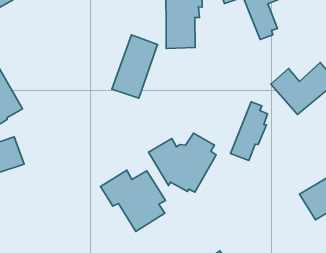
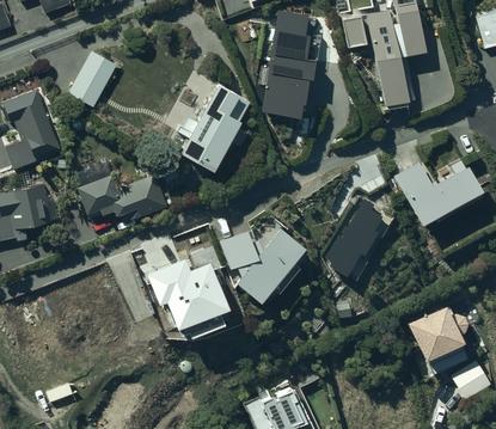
building: none -> [71,57,121,112]
building: none -> [79,179,167,229]

